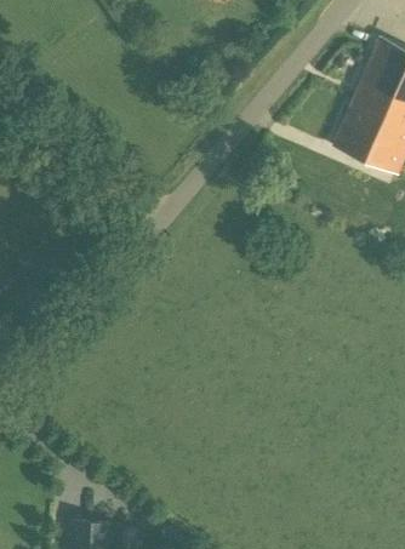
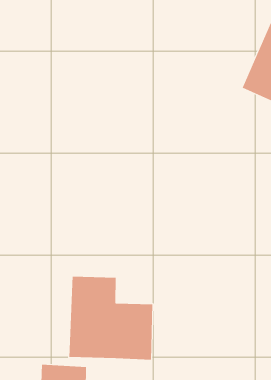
building: none -> [69,276,153,360]

